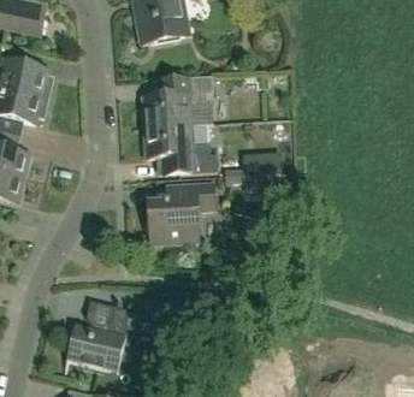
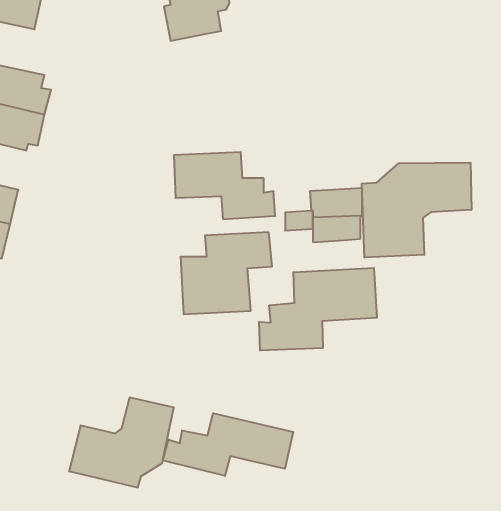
building: [142,76,213,128] -> none
building: none -> [362,163,471,258]
building: none -> [259,268,377,351]
building: none -> [163,413,293,476]

